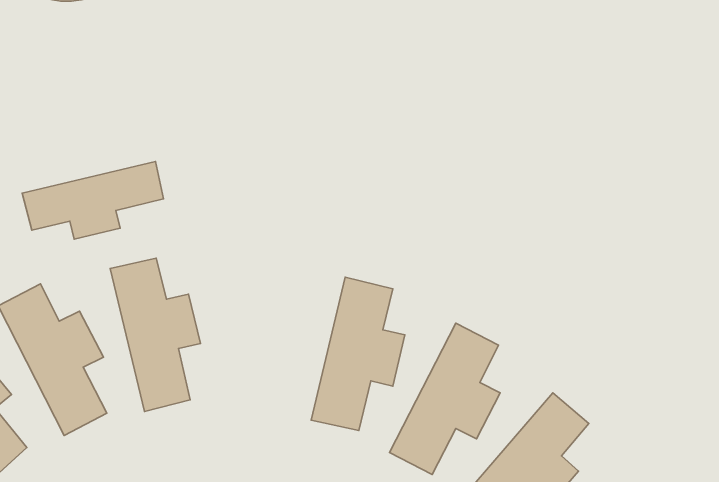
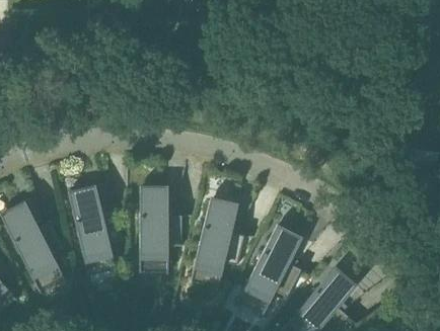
building: [22,162,163,239] -> none
building: none -> [139,185,180,271]

